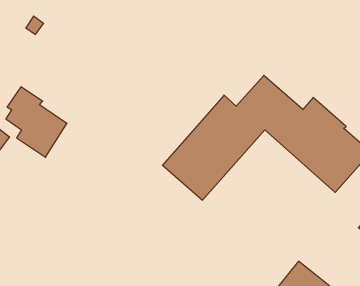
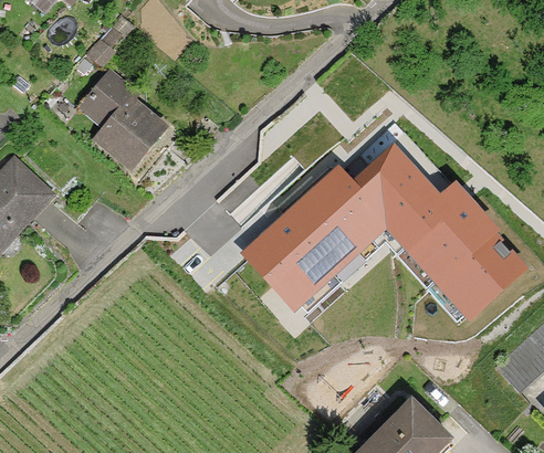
building: [6,87,67,157] -> [85,72,165,168]

